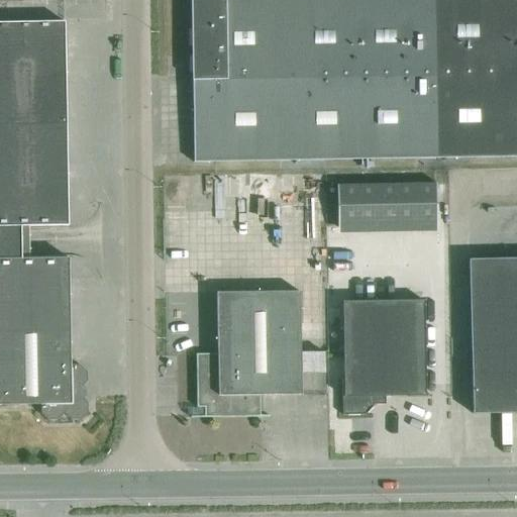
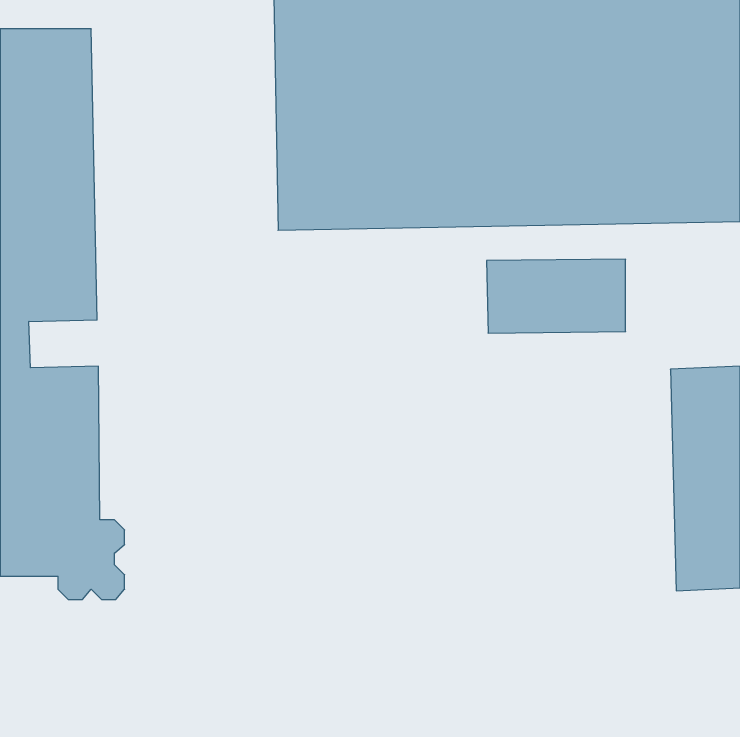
building: [196,289,301,415] -> none
building: [342,298,425,413] -> none

